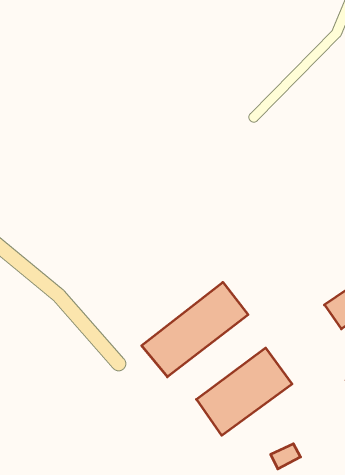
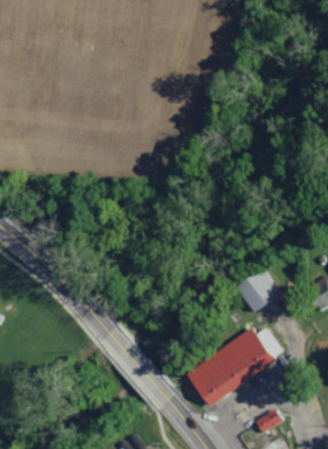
building: [142,282,248,377] -> none
building: none -> [237,268,280,311]

